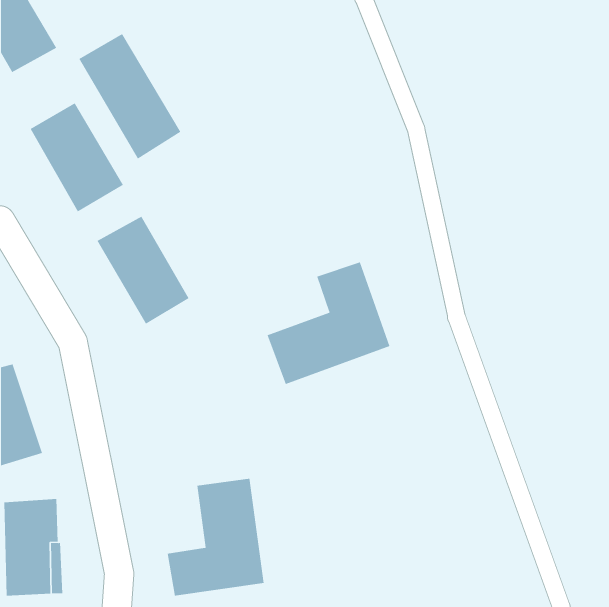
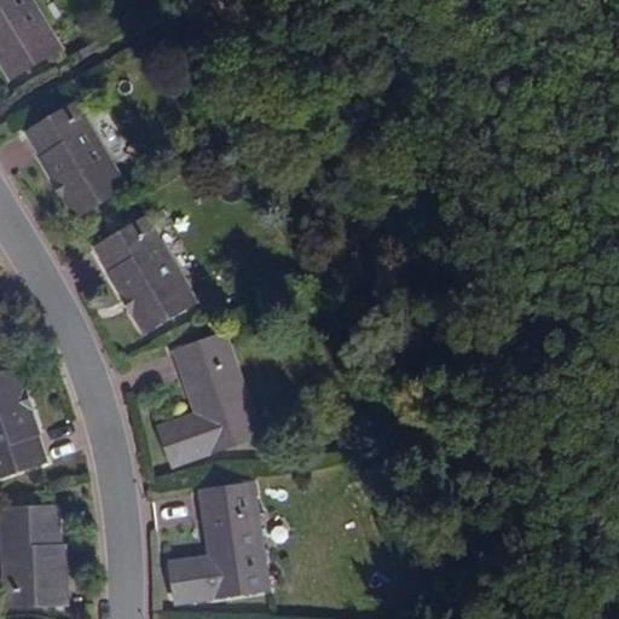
building: [78,33,181,159] -> none
building: [267,262,390,385] -> none
building: none -> [157,331,261,465]

